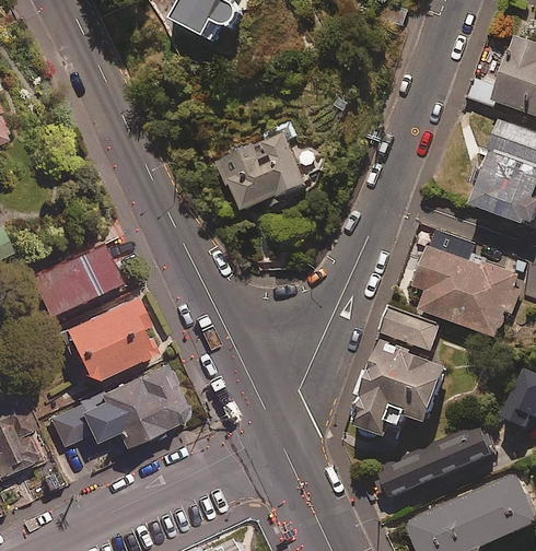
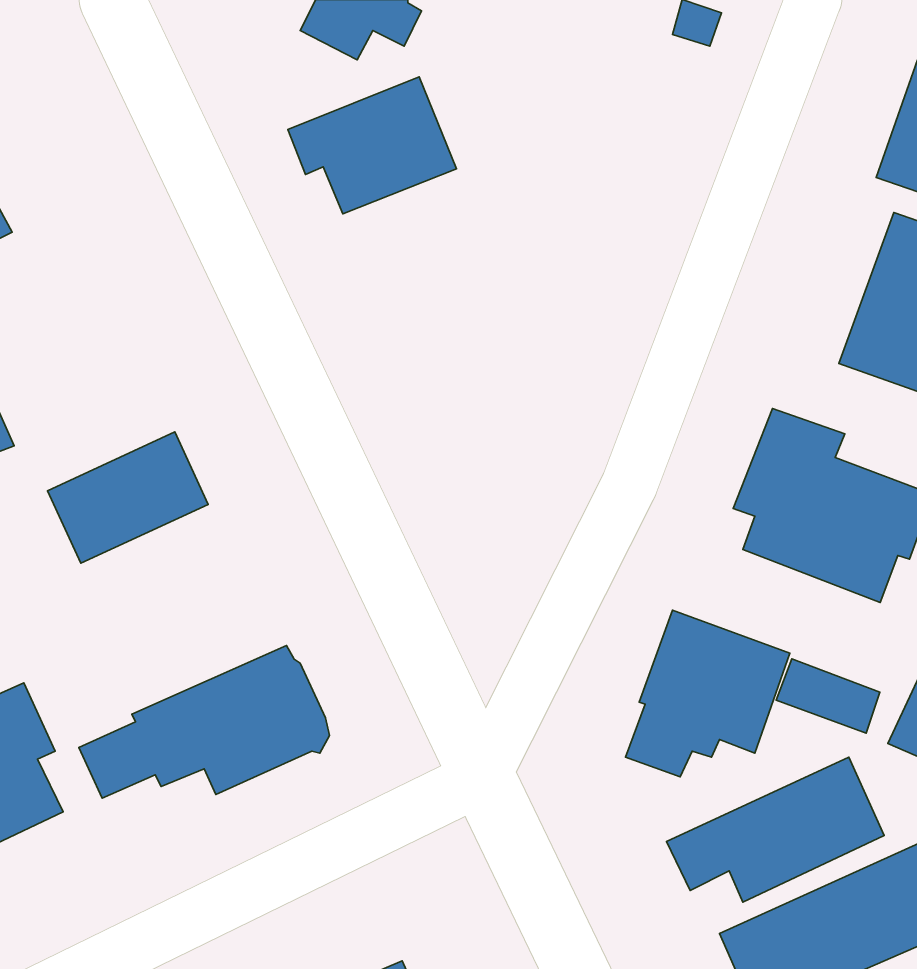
building: [210,132,304,209] -> [288,77,456,214]
building: [51,291,158,378] -> none
building: [378,309,436,351] -> [776,659,880,733]

